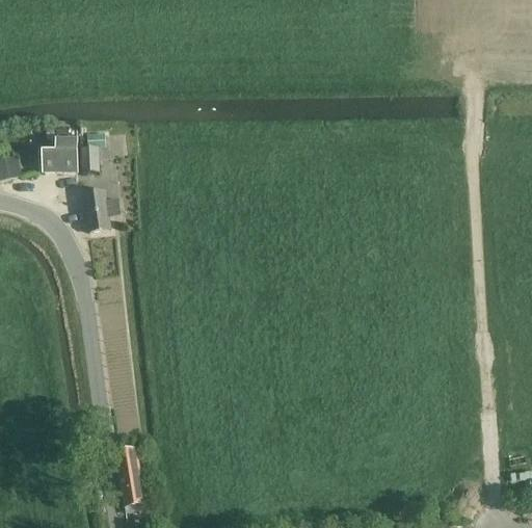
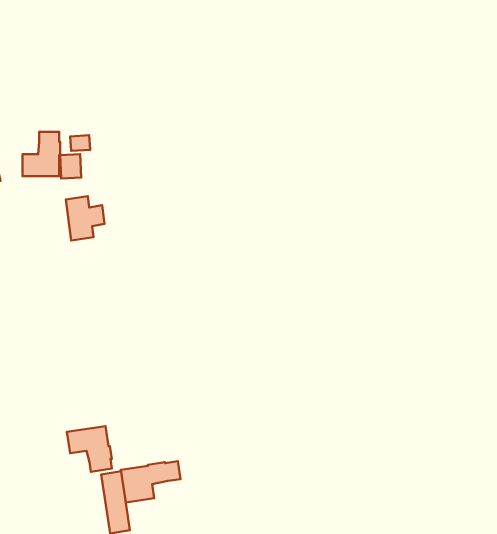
building: none -> [67,426,112,472]
building: none -> [121,461,181,502]

